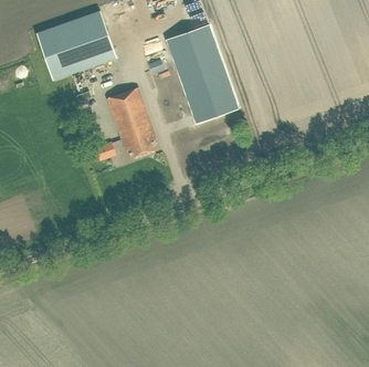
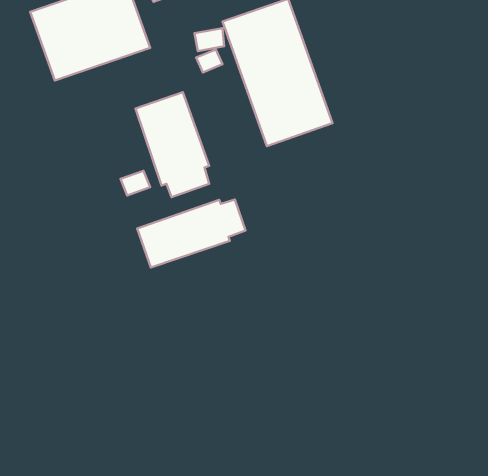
building: none -> [137,199,246,267]

